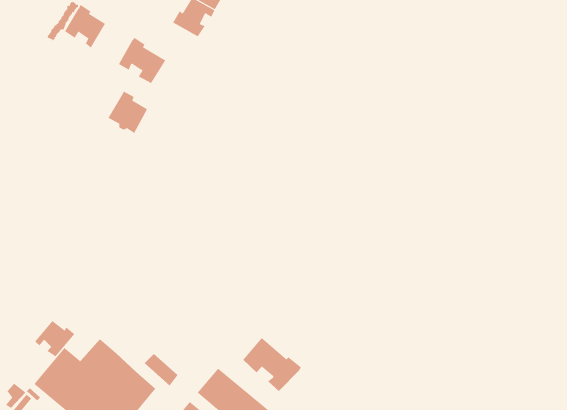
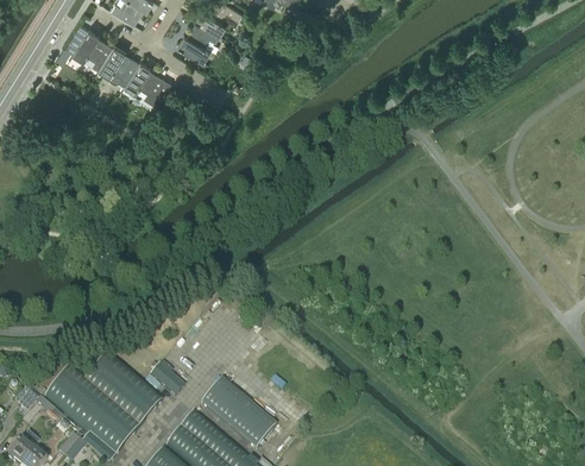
building: [107,91,148,134] -> [98,43,137,84]
building: [35,320,75,357] -> none
building: [243,337,301,392] -> none

